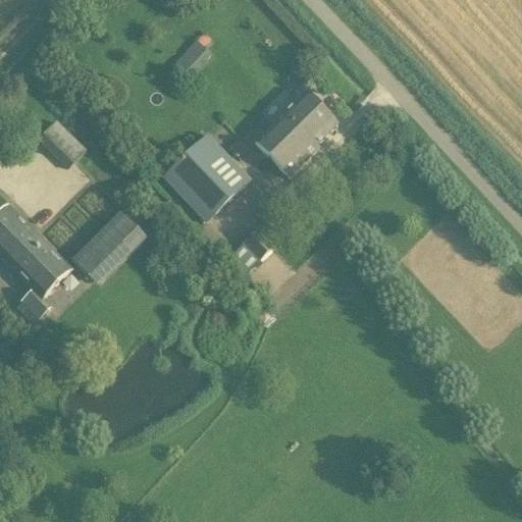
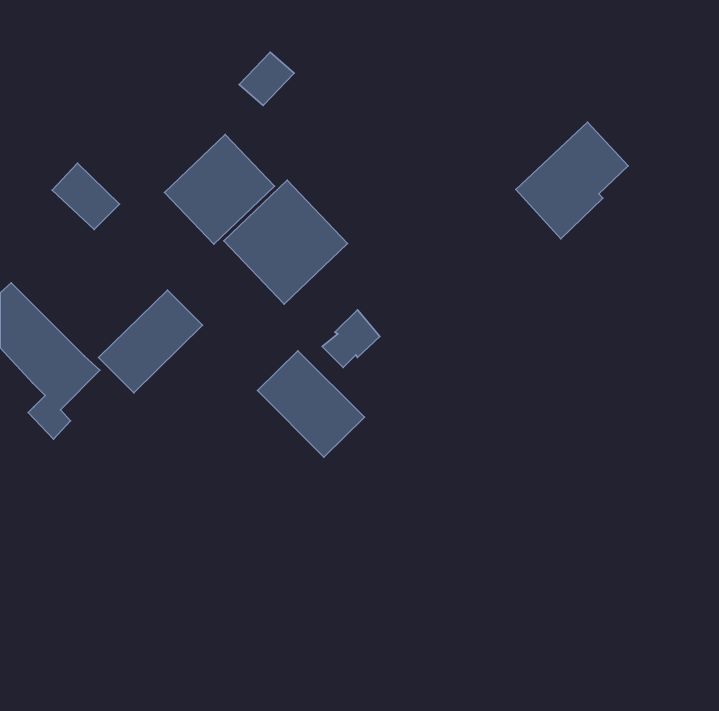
building: [255,90,336,174] -> [516,122,628,239]
building: none -> [164,134,275,244]
building: none -> [257,351,364,457]

